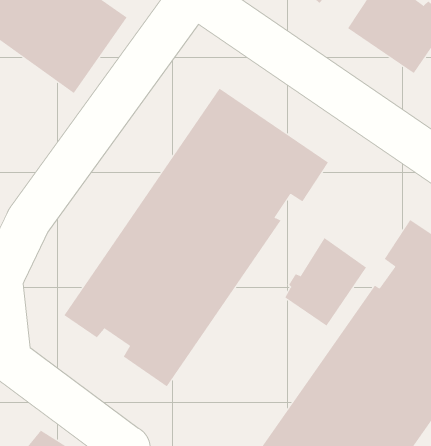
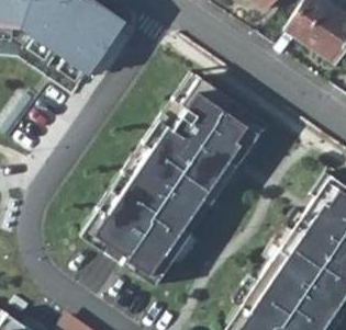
building: [285,237,367,326] -> none

